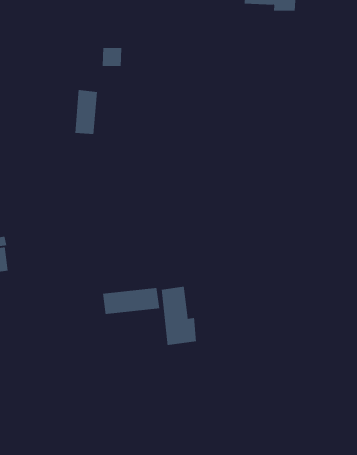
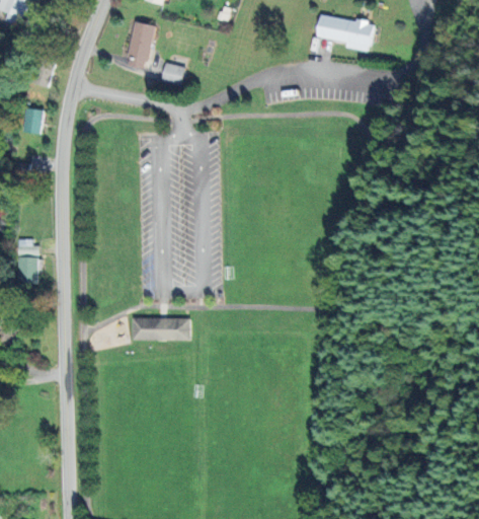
building: [75,89,98,134] -> [126,20,155,69]
building: [161,286,197,346] -> none

